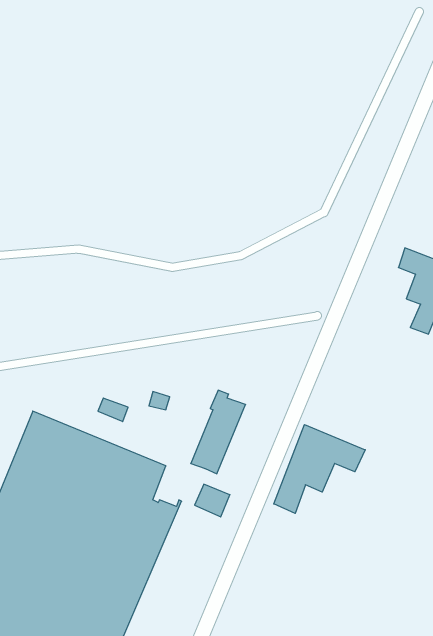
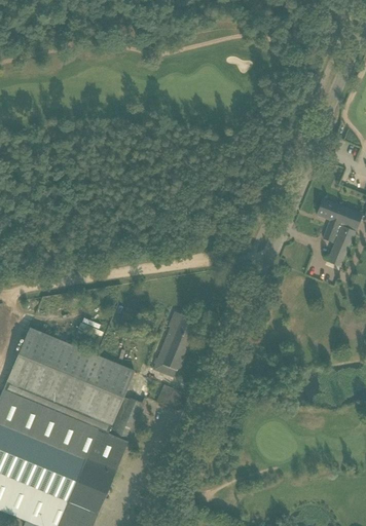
building: [274,425,365,513] -> none

